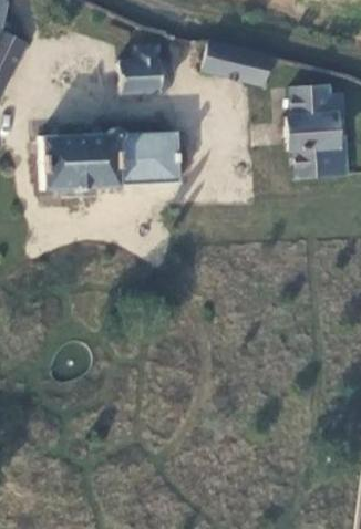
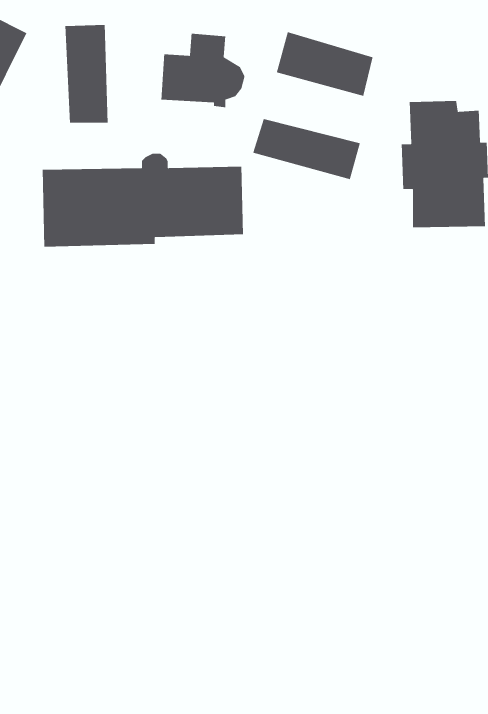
building: none -> [64,24,108,123]
building: none -> [252,118,361,180]

